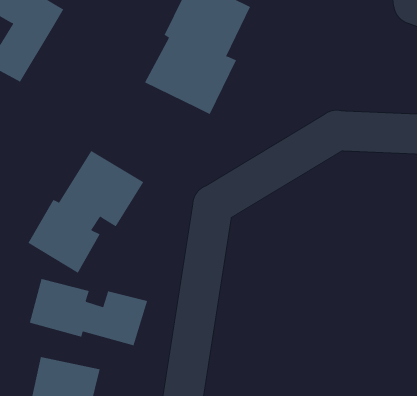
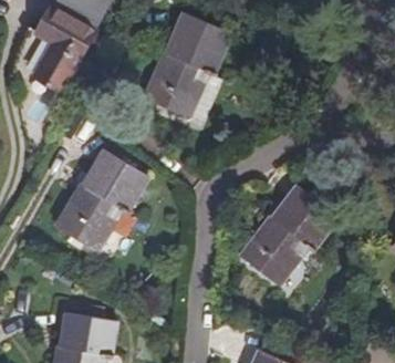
building: none -> [241,188,339,281]
building: [29,278,148,346] -> none

